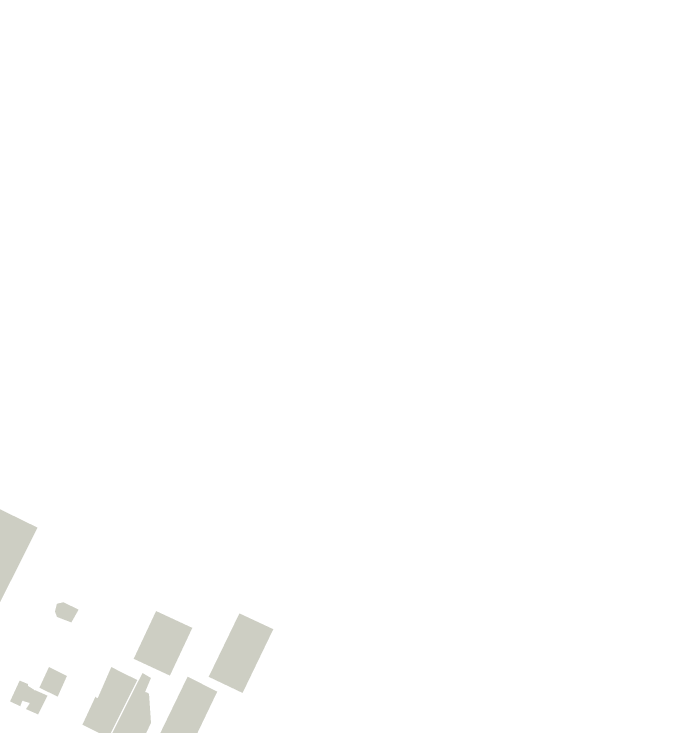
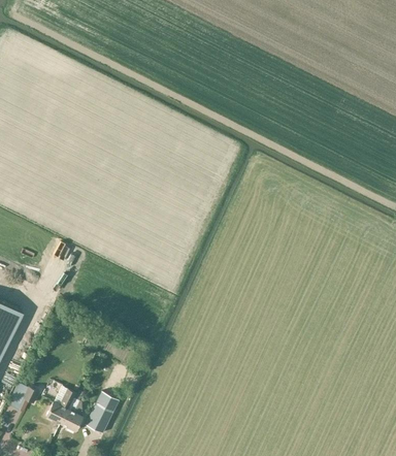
building: [133,610,193,676] -> none
building: [208,612,274,694] -> none

